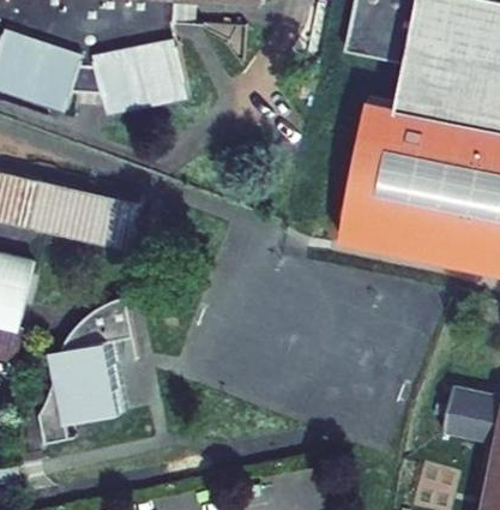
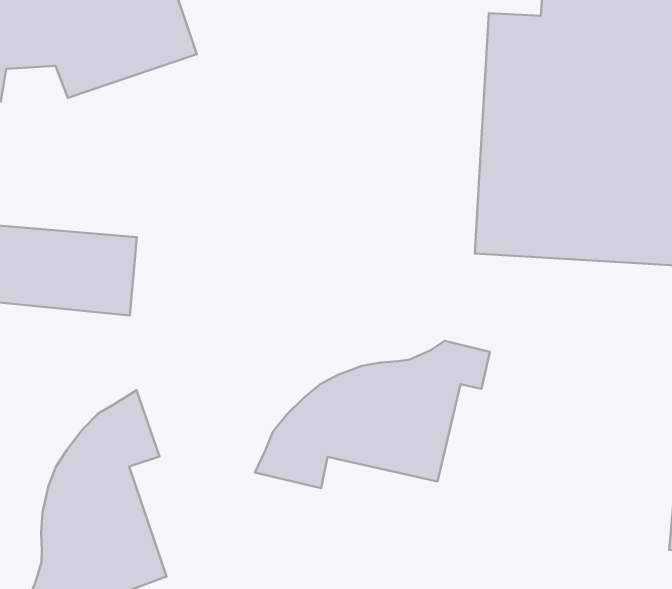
building: none -> [255,341,490,488]

